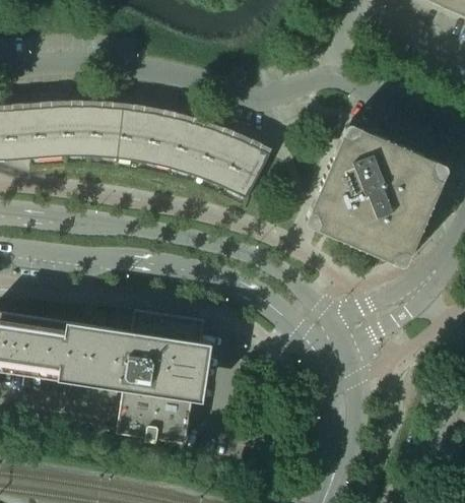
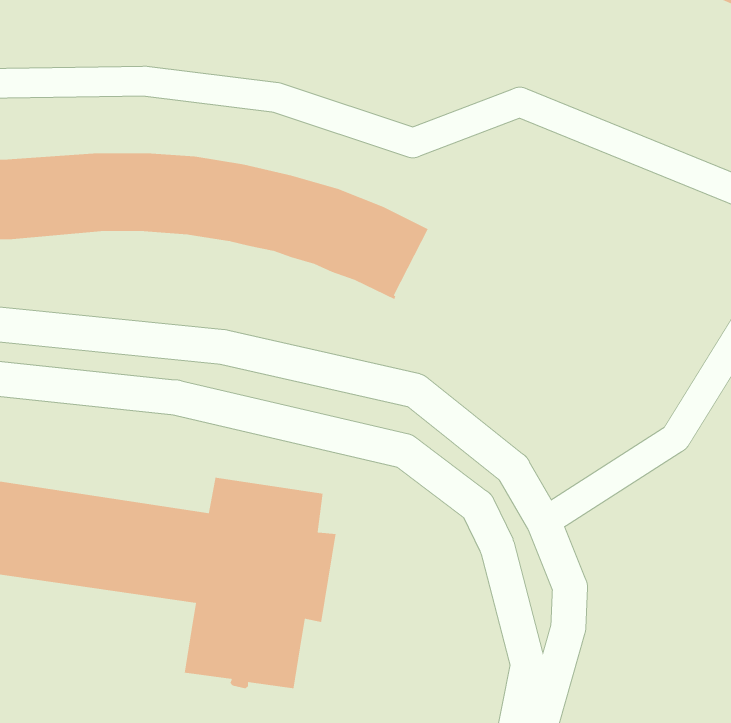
building: [308,123,449,265] -> none

